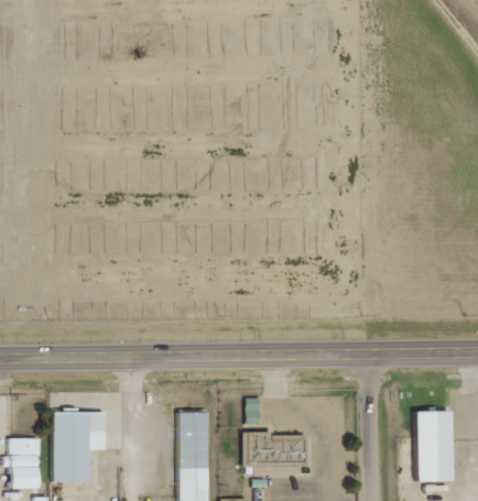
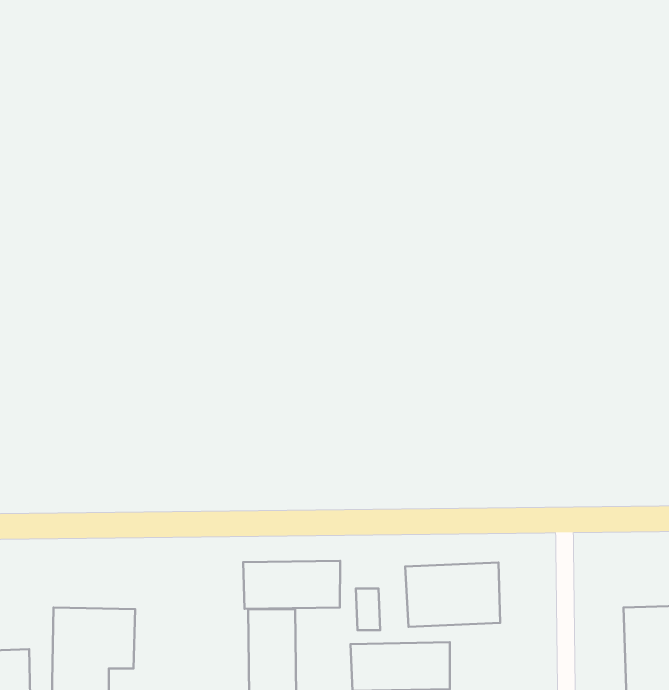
building: none -> [243,561,340,609]
building: none -> [405,563,500,627]

